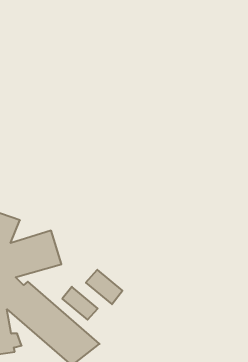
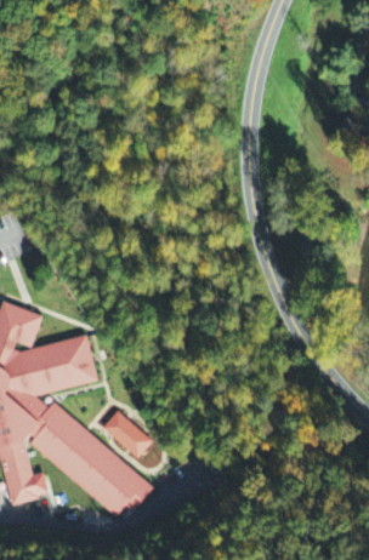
building: [86,270,122,304] -> none

